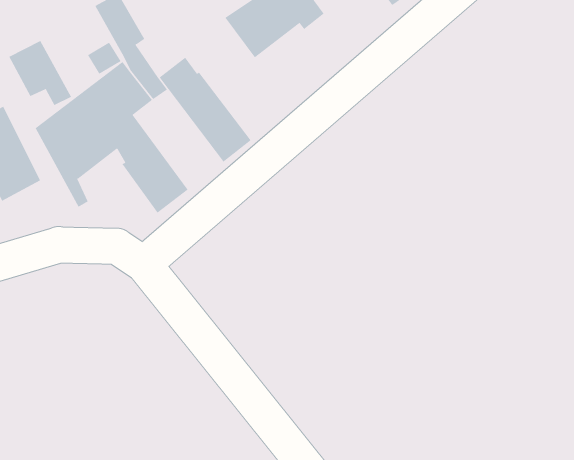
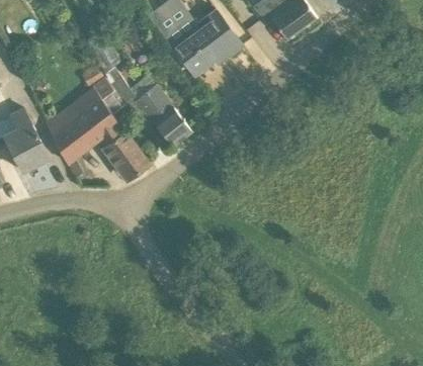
building: [8,40,72,106] -> none

